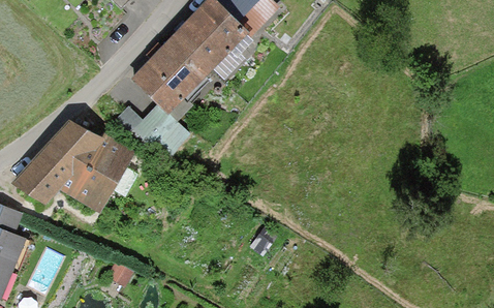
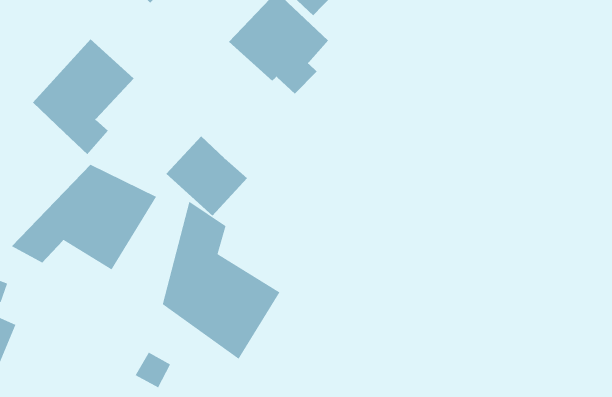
building: [133,34,208,119] -> [32,39,134,155]
building: none -> [162,201,281,360]

